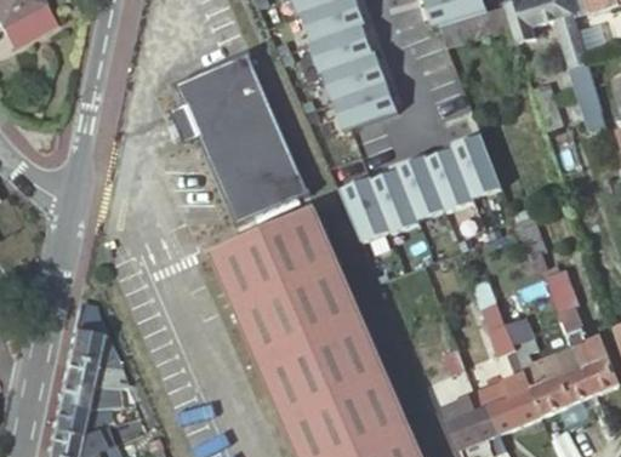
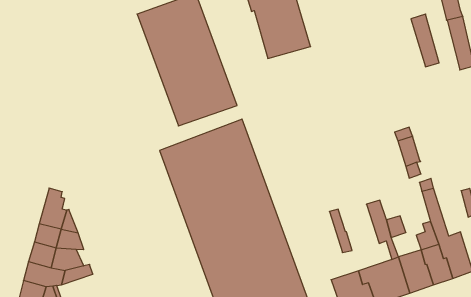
building: [341,135,500,241] -> none

